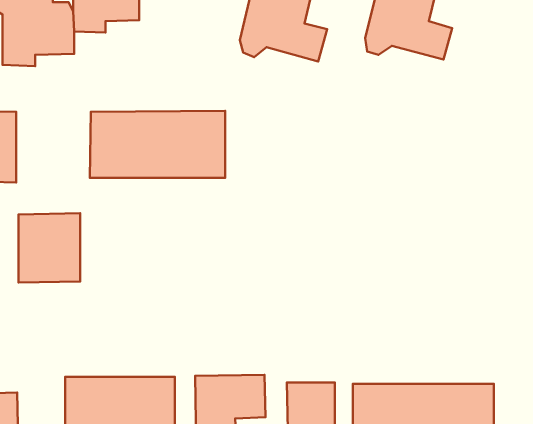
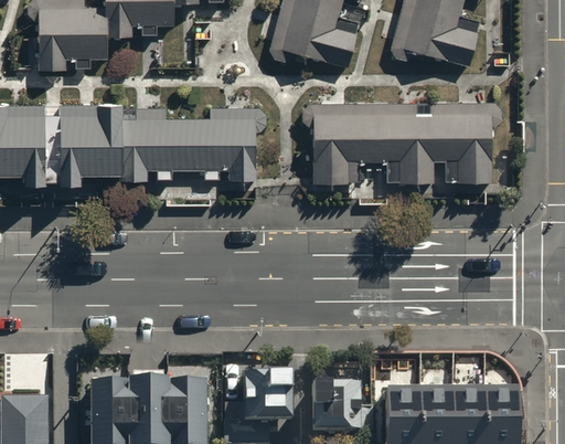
building: none -> [310,107,490,182]
building: [19,213,80,283] -> [57,117,118,186]

